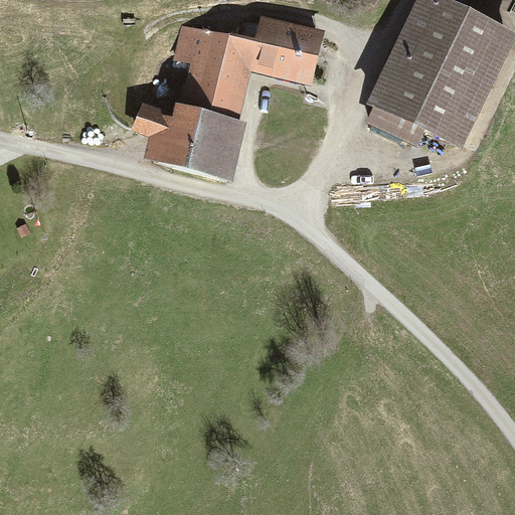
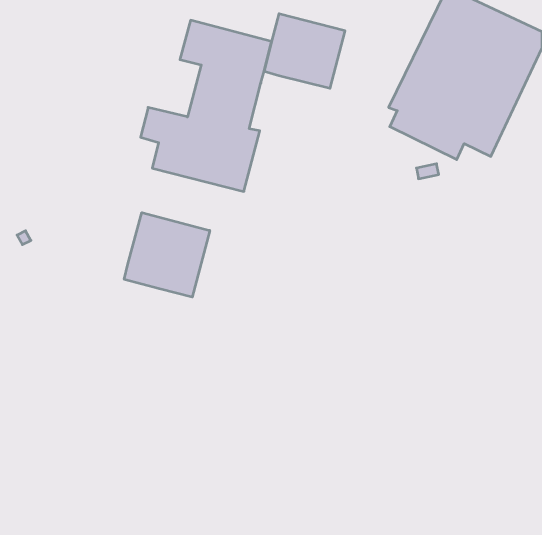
building: none -> [124,213,210,297]

